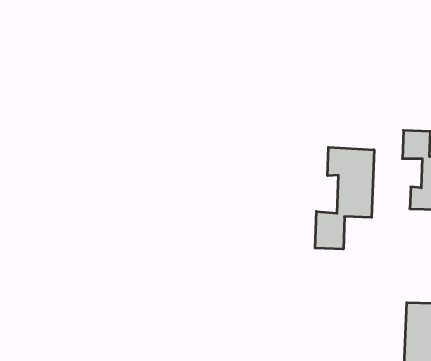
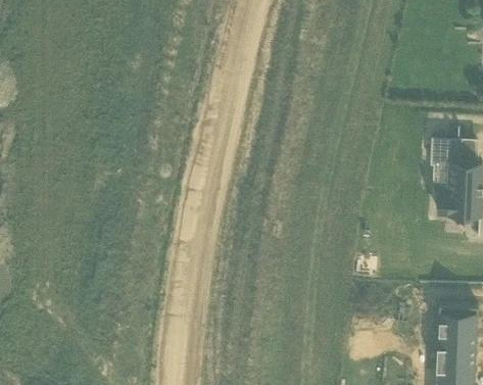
building: [315,147,374,249] -> none

